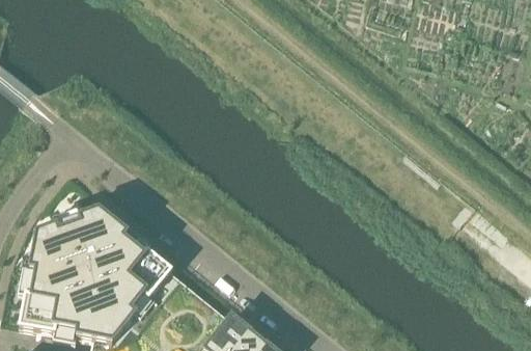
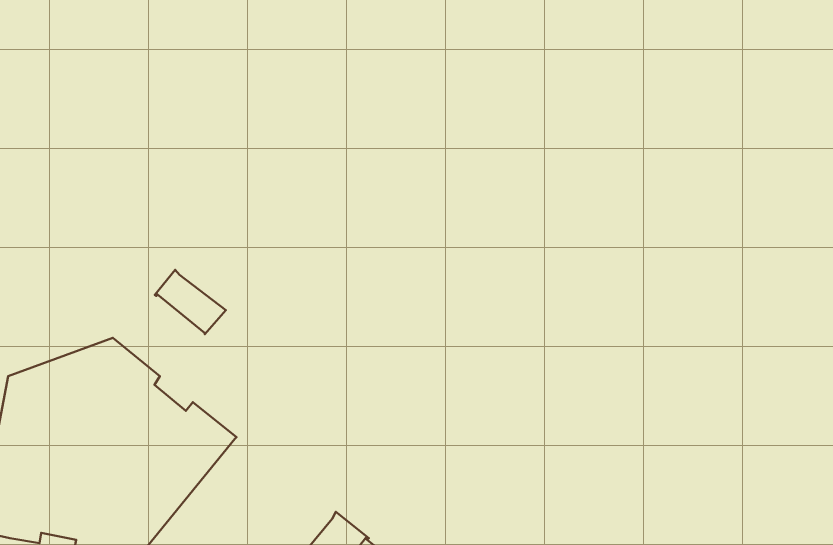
building: none -> [155,270,226,334]

